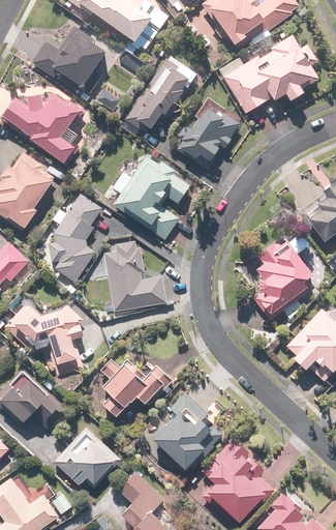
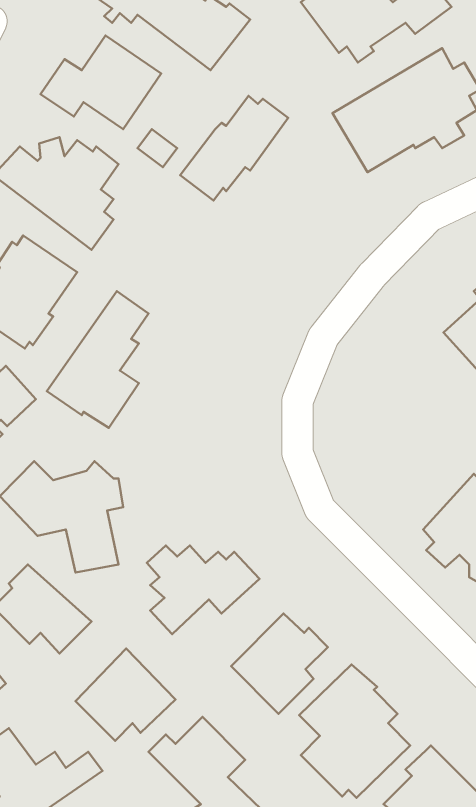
building: [178,106,241,171] -> none
building: [114,153,191,240] -> none
building: [106,239,169,311] -> none
building: [238,242,309,322] -> none

